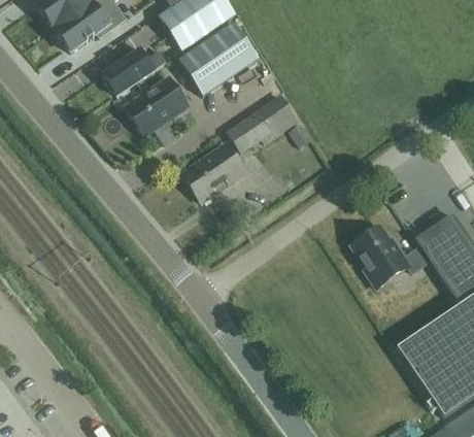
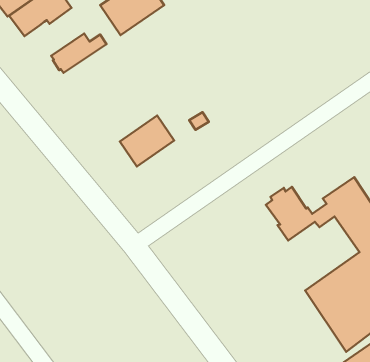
building: [180,22,259,95] -> none
building: [125,75,189,134] -> none
building: [229,95,298,150] -> none

